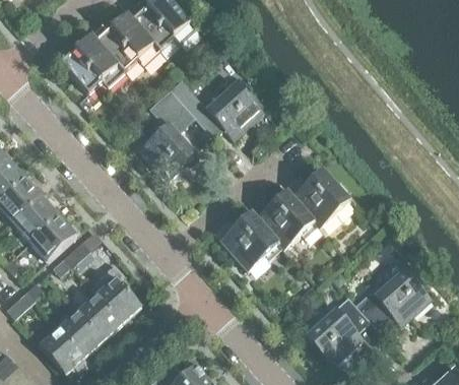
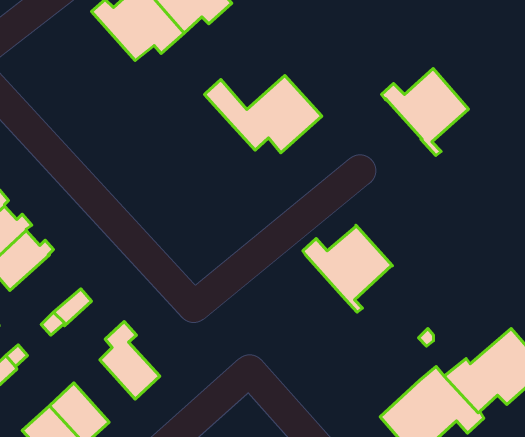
building: [55,33,123,90] -> none
building: [138,87,195,179] -> none
building: [284,170,349,235] -> [381,69,469,156]
building: [29,214,79,260] -> none
building: [213,214,277,271] -> none
building: [77,293,123,339] -> none

